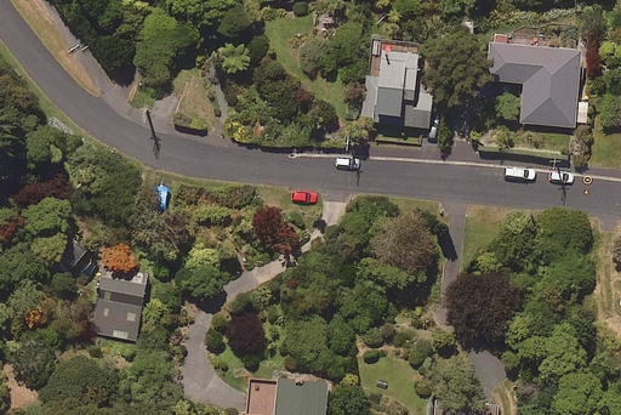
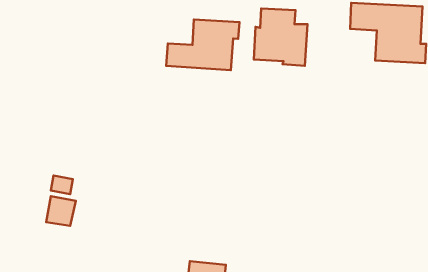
building: none -> [166,19,239,70]

